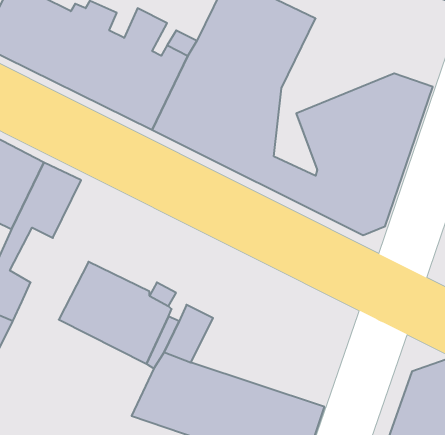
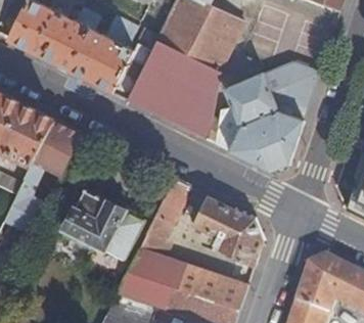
building: none -> [153,178,191,228]
building: none -> [193,196,264,270]

